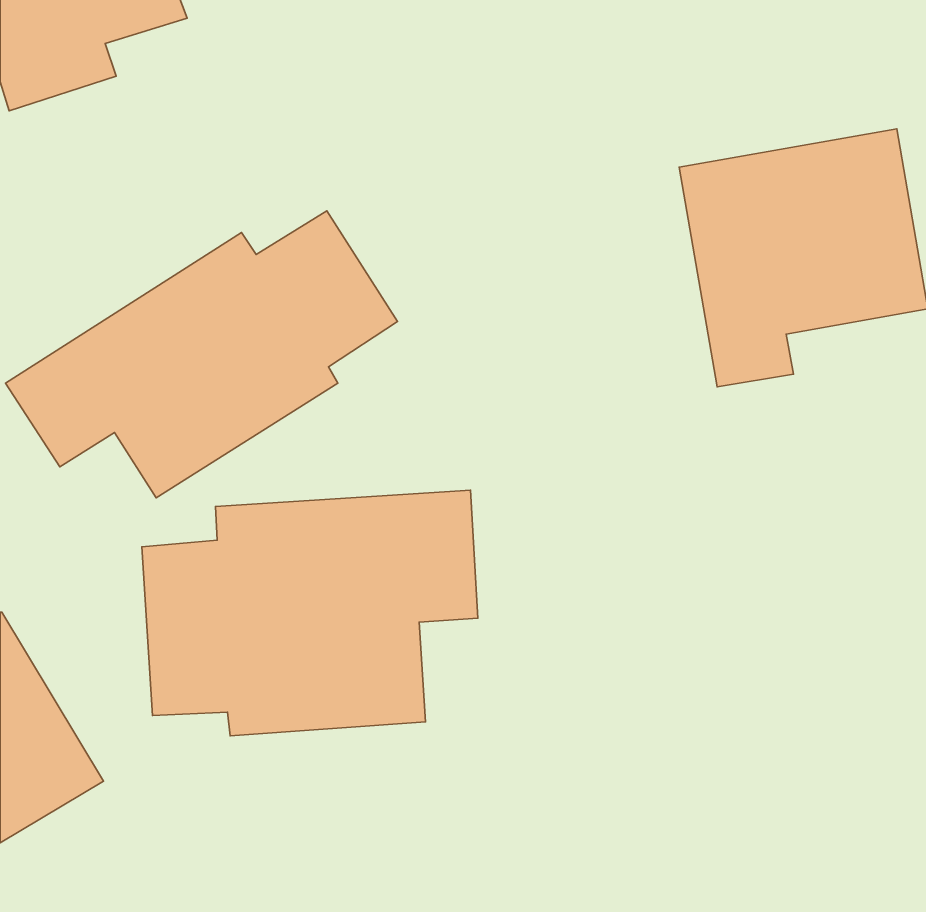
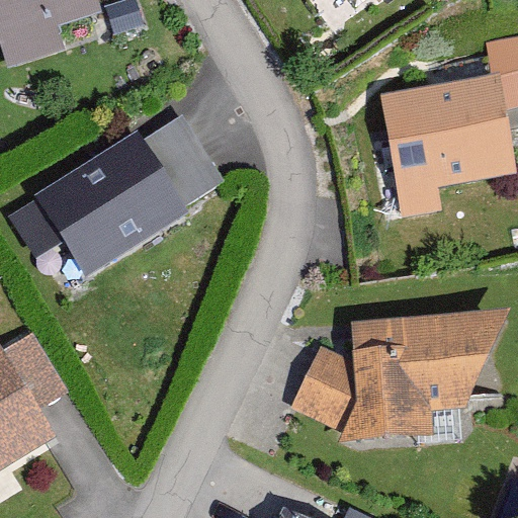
building: [142,490,478,736] -> none
building: none -> [291,313,510,442]

